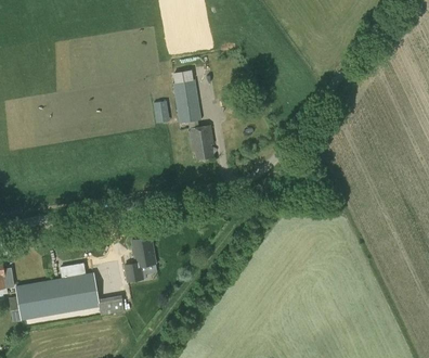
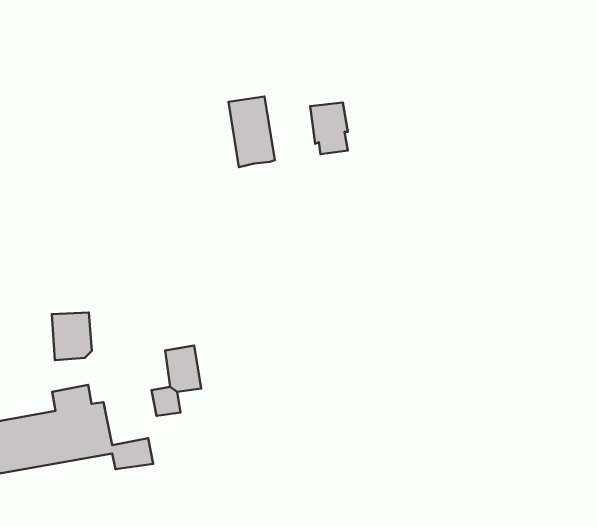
building: [190,127,213,159] -> [310,103,348,154]
building: none -> [52,312,92,360]

